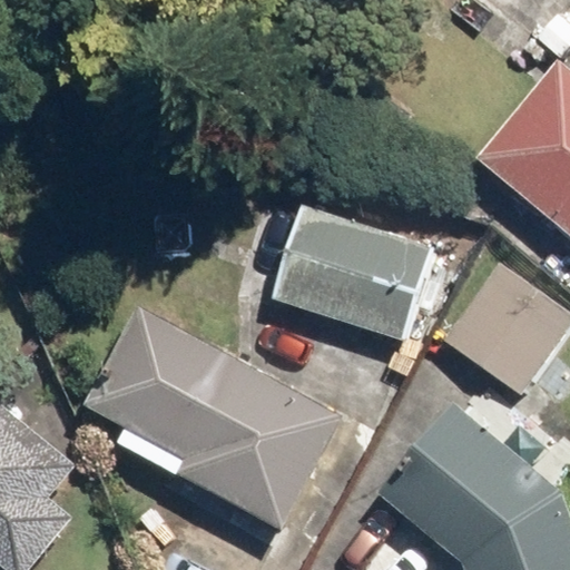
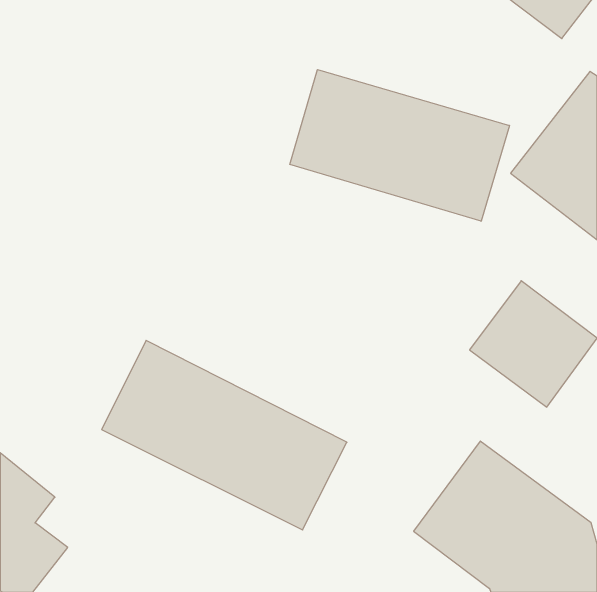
building: none -> [290,70,509,221]
building: [289,216,428,332] -> none

